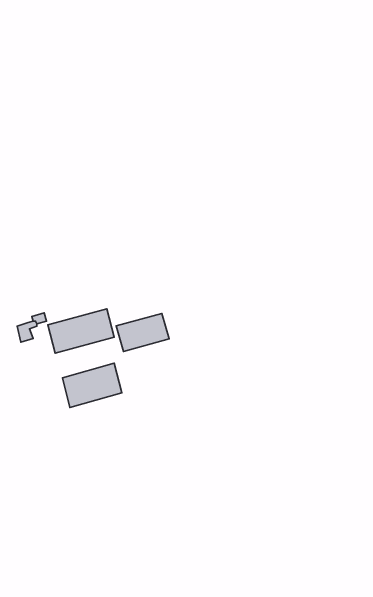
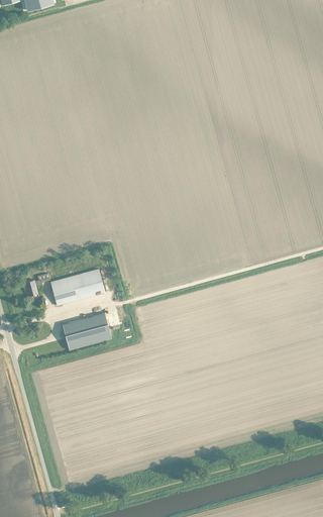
building: [116,313,169,351] -> none

